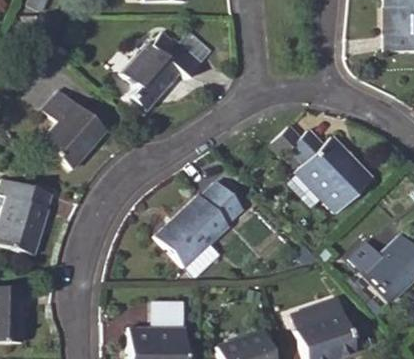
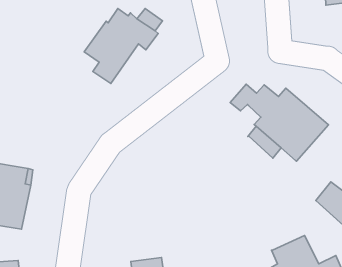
building: [42,90,105,168] -> none
building: [155,182,243,279] -> none

